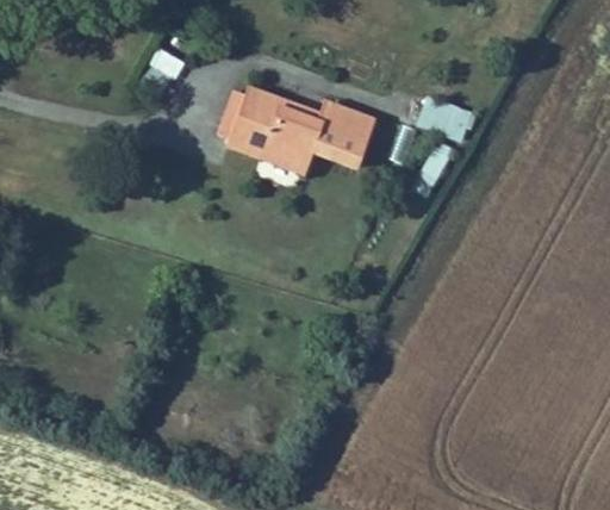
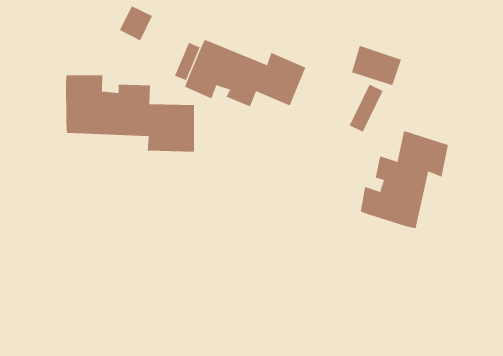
building: none -> [66,74,194,152]
building: none -> [360,130,449,229]

